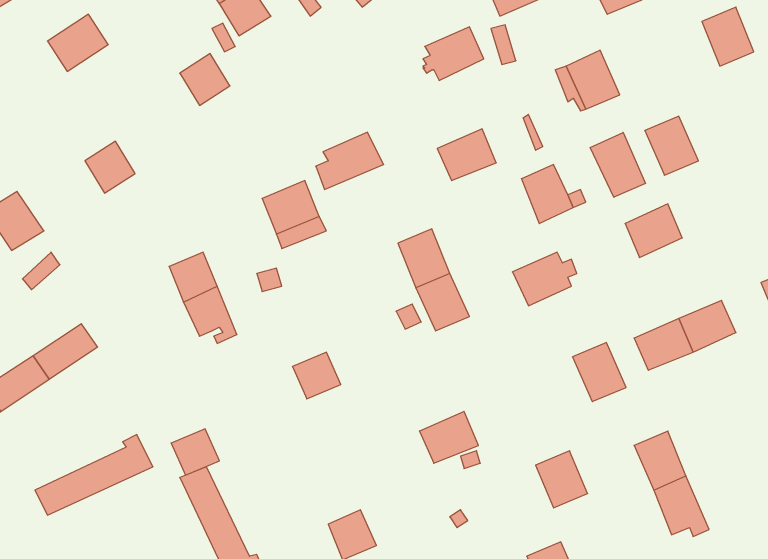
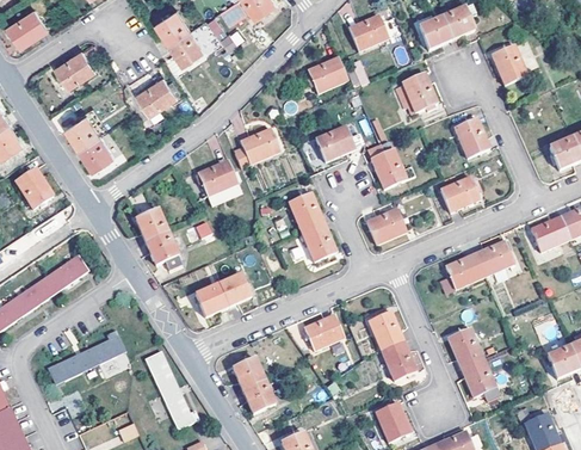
building: none -> [66,115,100,148]
building: [590,132,646,197] -> none
building: [572,343,626,402] -> [367,312,403,351]
building: [171,429,219,475] -> [196,285,228,316]
building: none -> [231,358,264,390]

